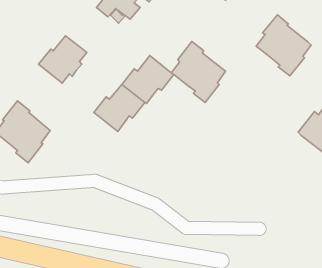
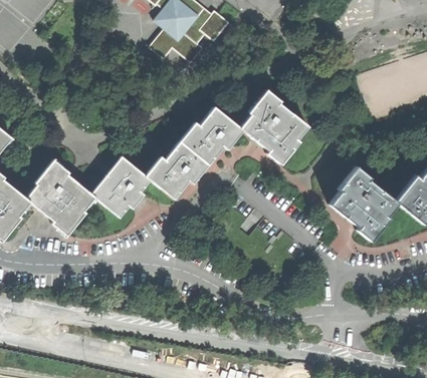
building: [256,15,311,76] -> [333,165,400,240]
building: [38,36,87,83] -> [92,158,152,216]

